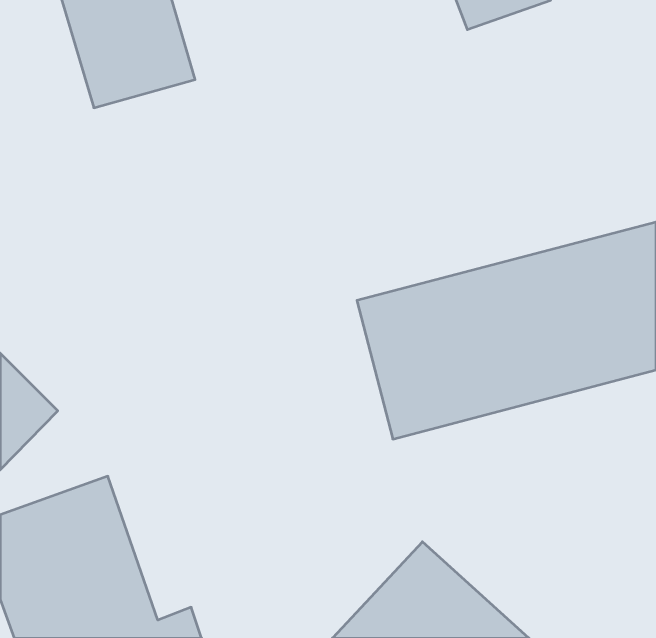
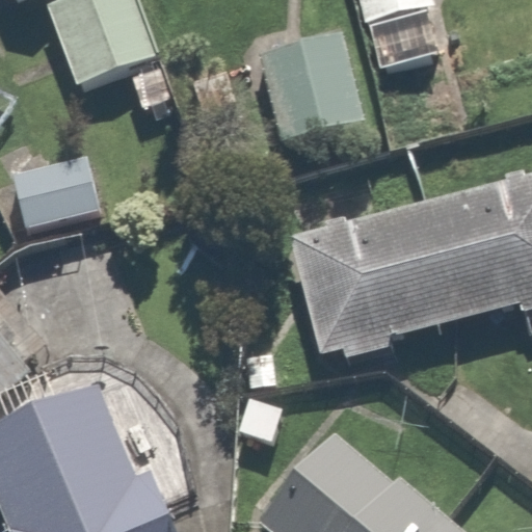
building: none -> [255,29,367,152]
building: none -> [14,149,115,234]

